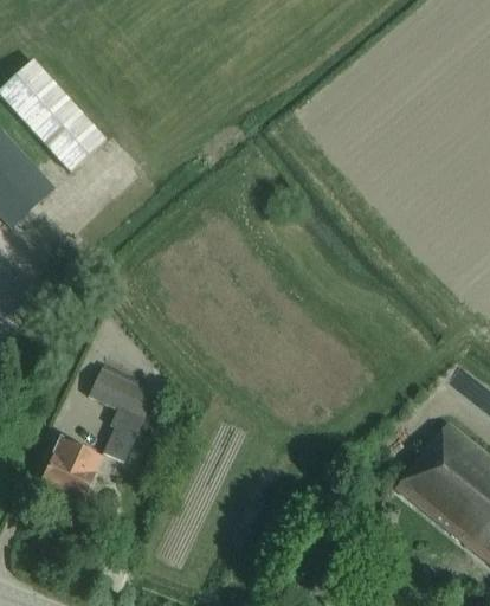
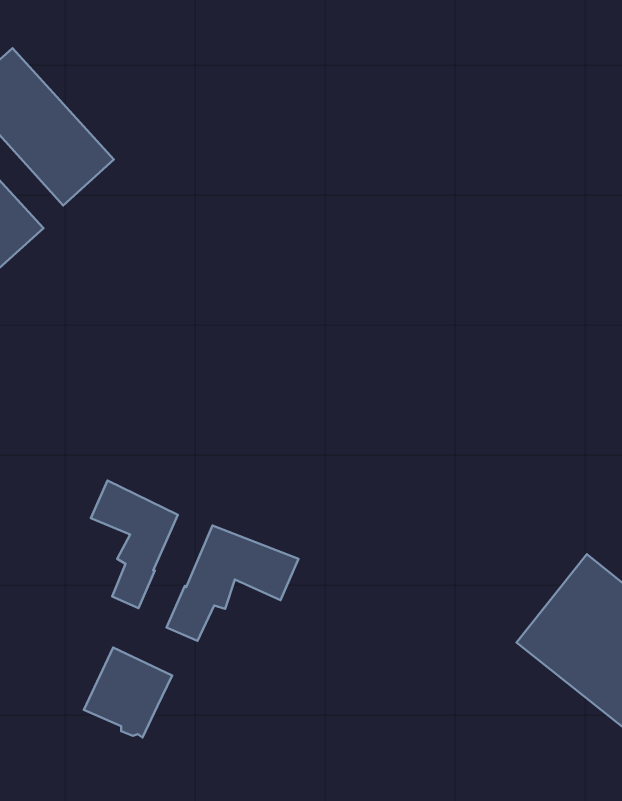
building: none -> [167,525,299,641]
building: [39,437,103,502] -> [84,648,172,738]

